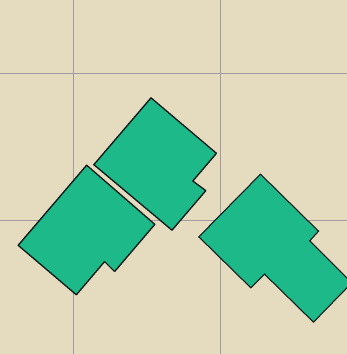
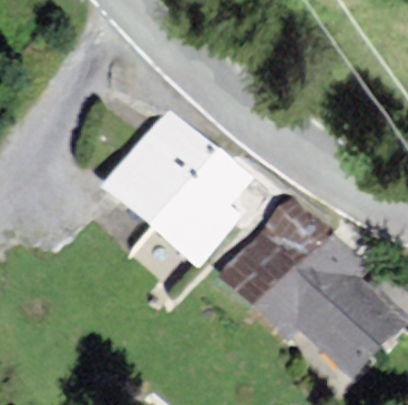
building: [18,165,155,295] -> none

